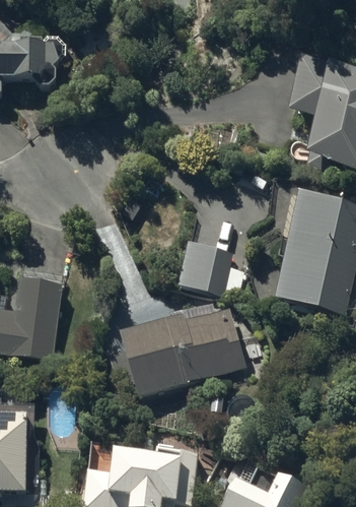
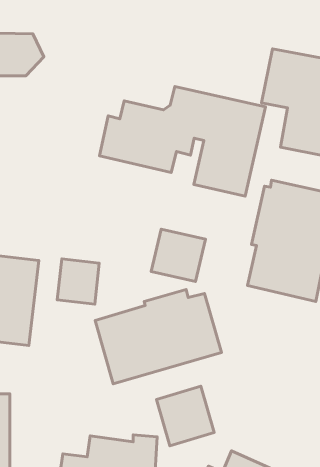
building: none -> [100,86,266,196]
building: none -> [57,259,99,304]
building: none -> [156,386,214,446]

